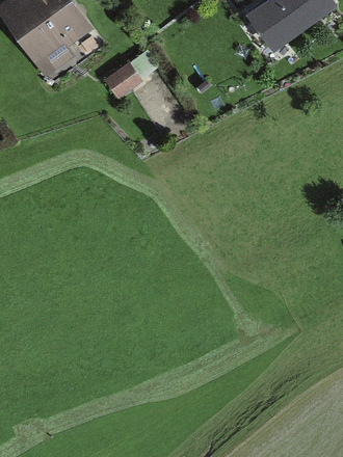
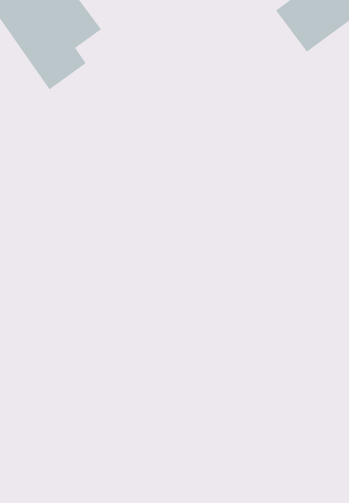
building: [108,50,162,95] -> none

